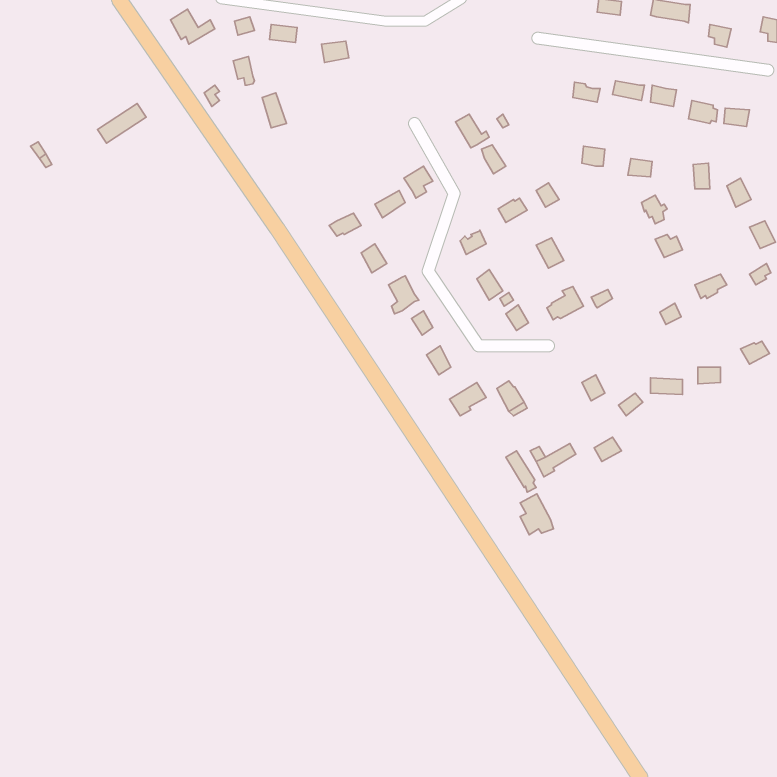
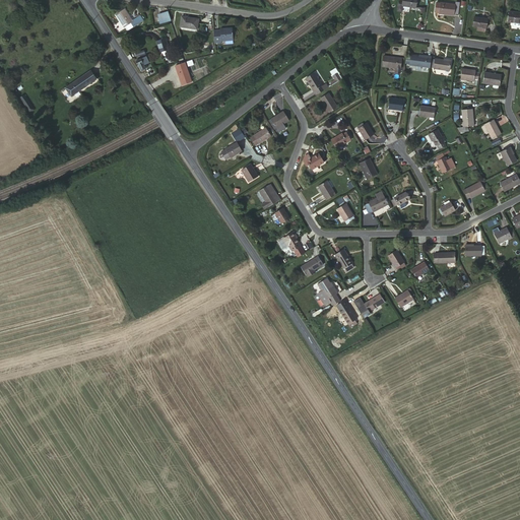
building: [520,494,554,535] -> [316,277,338,305]

